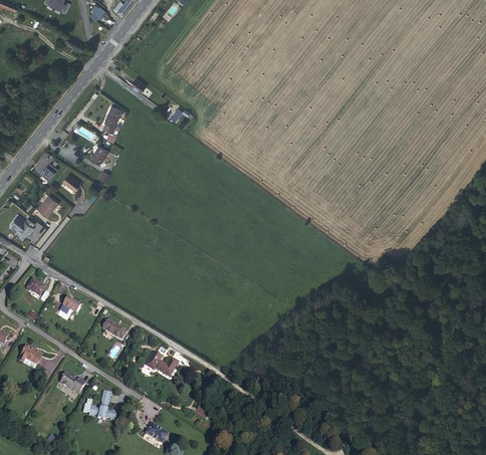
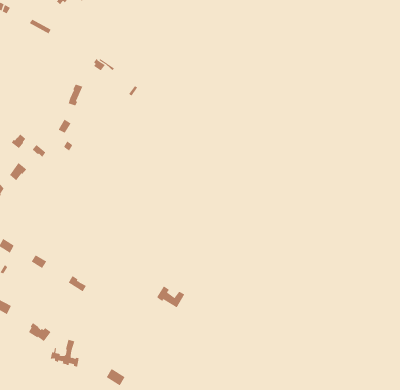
building: [146,352,178,377] -> [156,285,185,308]

